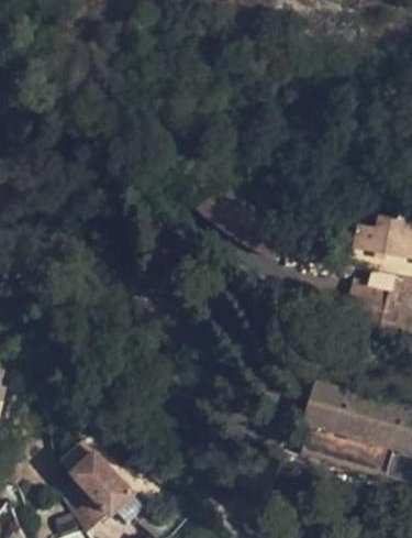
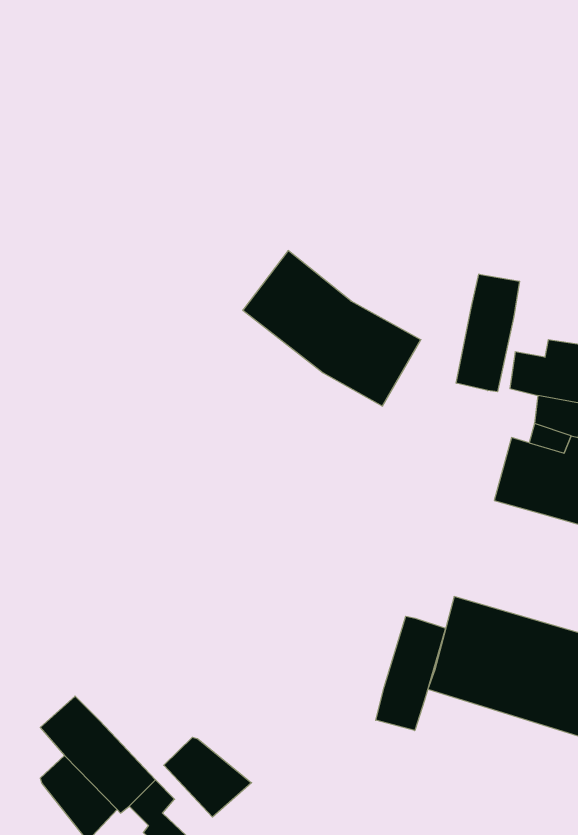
building: none -> [456,274,520,392]
building: none -> [376,616,446,731]
building: none -> [164,737,252,817]

